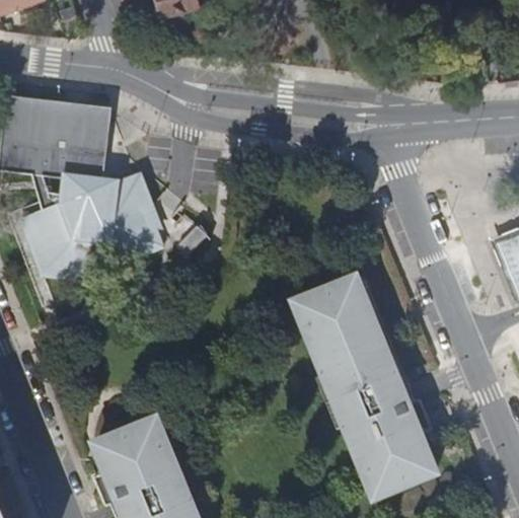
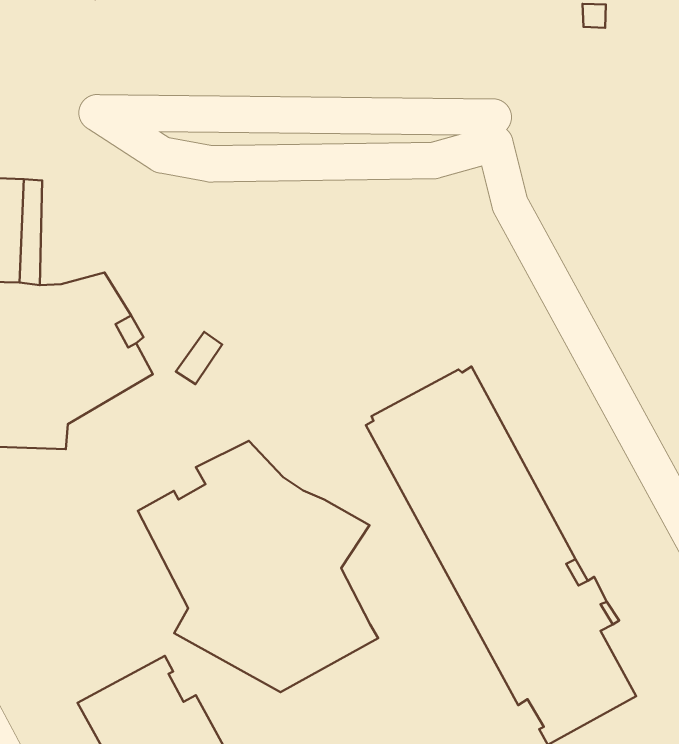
building: none -> [138,441,378,692]

